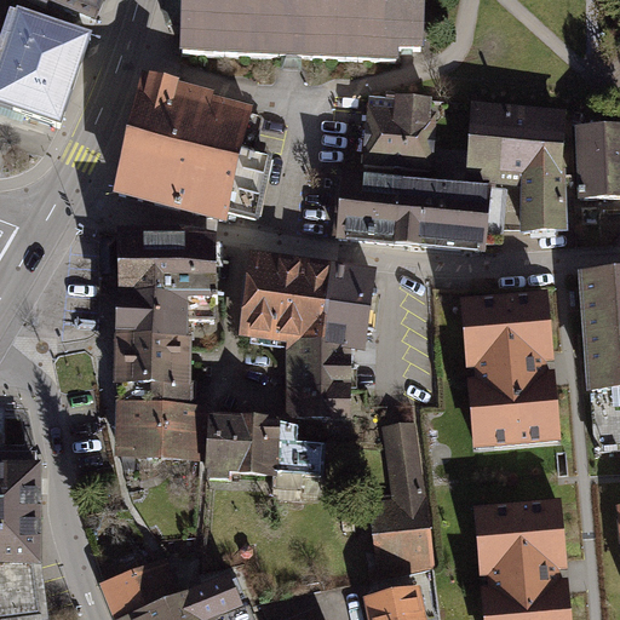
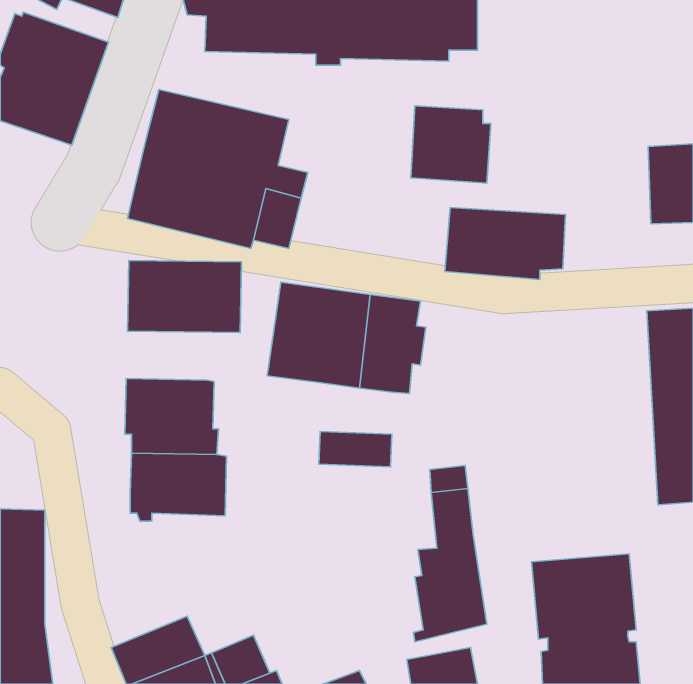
building: [467,103,567,234] -> none
building: [333,179,402,242] -> none
building: [459,293,561,450] -> none
building: [113,295,214,339] -> none
building: [286,341,350,388] -> none
building: [203,417,326,498] -> none

